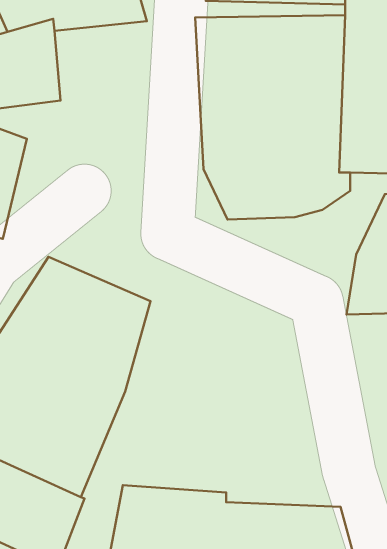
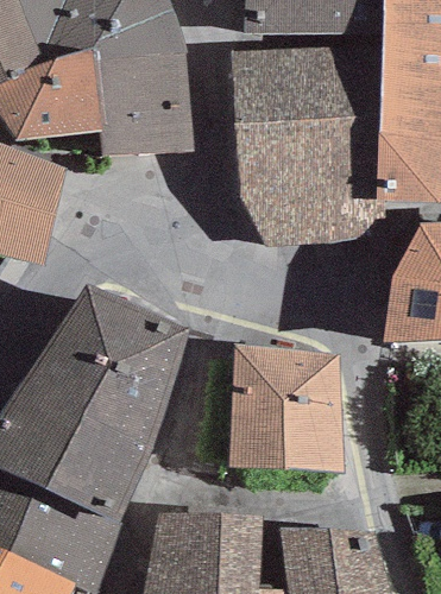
building: none -> [92,53,190,157]
building: none -> [229,346,342,473]

